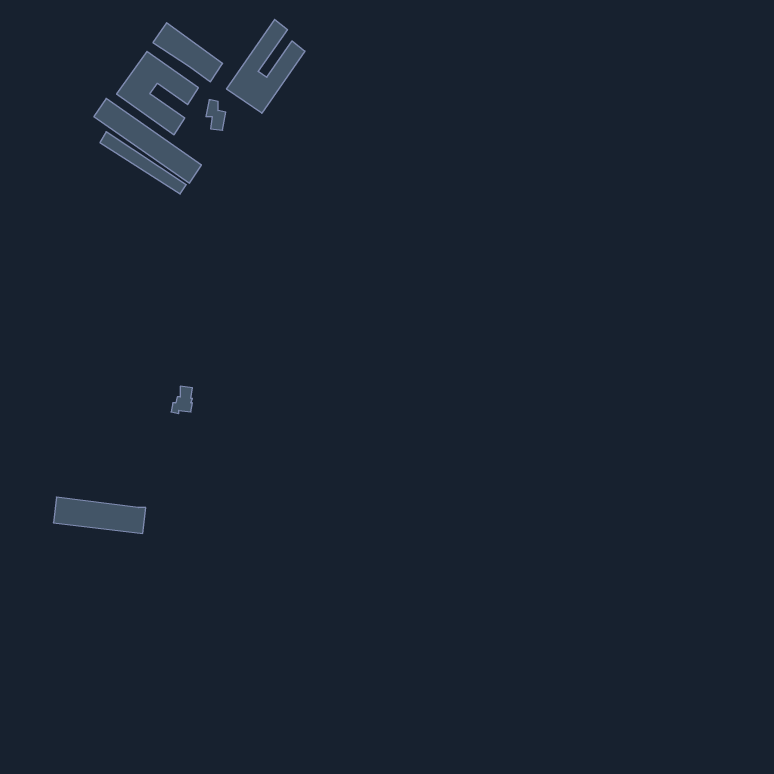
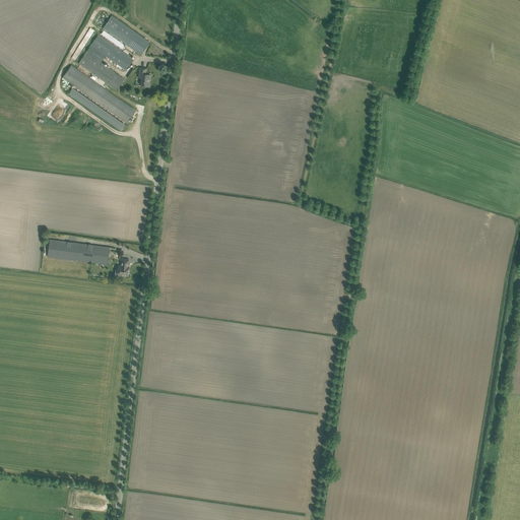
building: [227,19,305,113] -> none
building: [53,497,146,533] -> [48,240,110,264]

